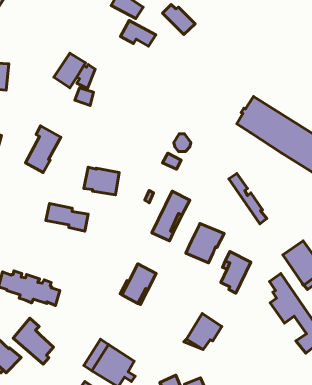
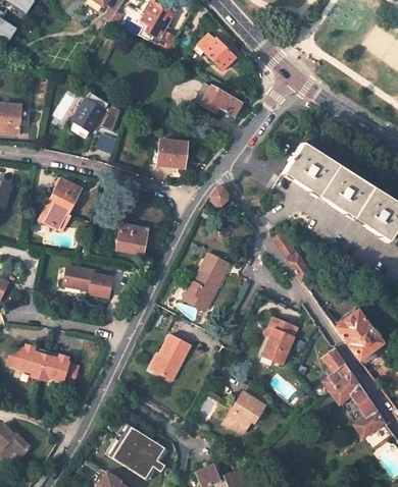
building: [120,21,156,46] -> [199,89,240,118]
building: none -> [149,140,186,168]
building: [186,223,224,263] -> none
building: [13,318,54,364] -> none

